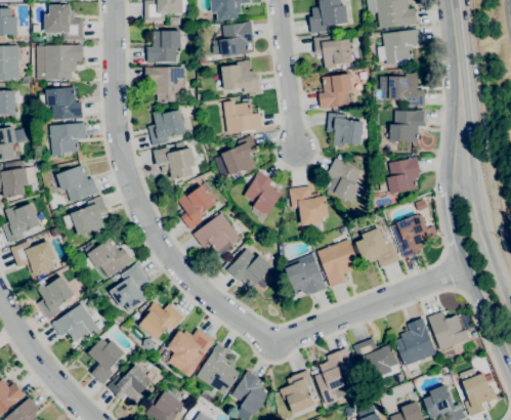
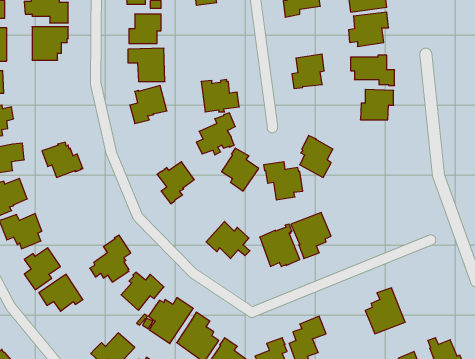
building: [212,20,254,56] -> none
building: [313,36,352,69] -> none
building: [220,60,260,93] -> none
building: [46,87,83,120] -> none
building: [326,113,364,146] -> none
building: [49,122,86,157] -> none
building: [153,141,196,179] -> none
building: [379,157,420,194] -> none
building: [70,196,107,236] -> none
building: [193,212,240,257] -> none
building: [391,214,437,258] -> none
building: [355,227,399,267] -> none
building: [84,238,133,278] -> none
building: [427,311,470,350] -> none
building: [87,338,125,384] -> none
building: [352,338,400,378] -> none

